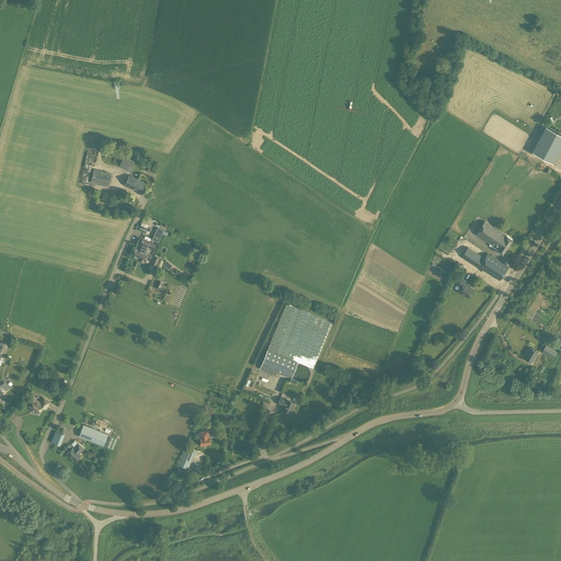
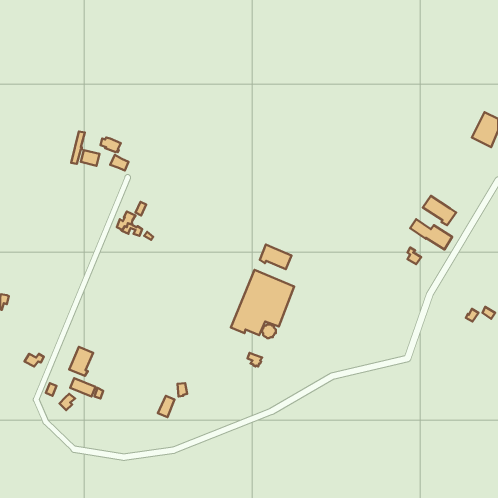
building: none -> [260,245,291,269]
building: none -> [69,347,93,376]

